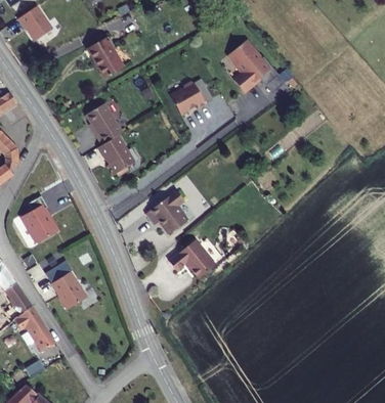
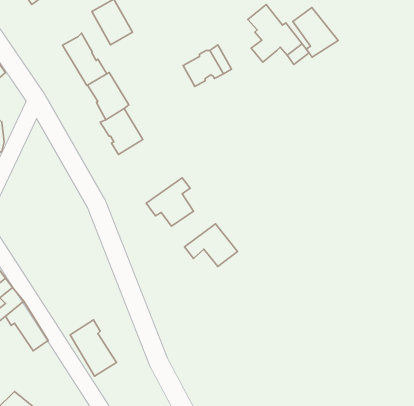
building: none -> [293,8,338,57]
building: none -> [62,33,107,85]
building: [20,195,56,242] -> none
building: [44,260,85,310] -> [70,320,116,376]

